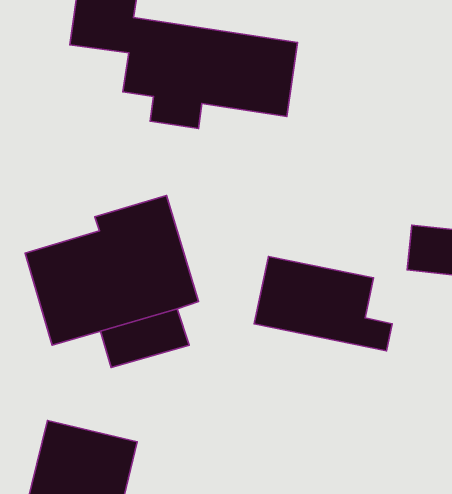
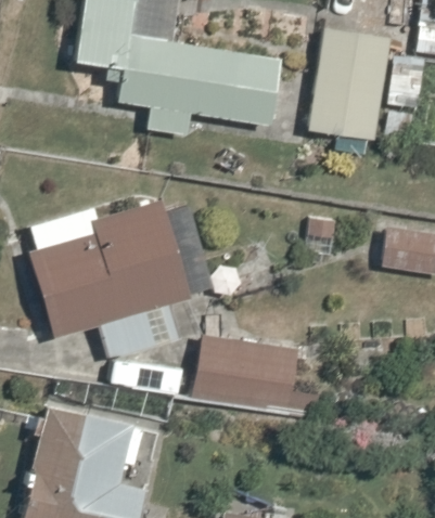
building: none -> [307,27,392,139]
building: [254,257,392,351] -> [190,334,317,420]

